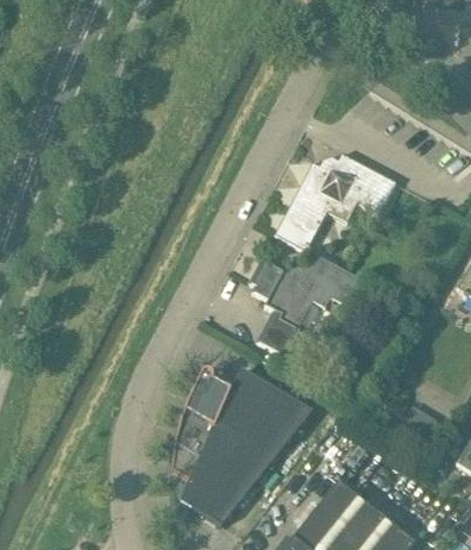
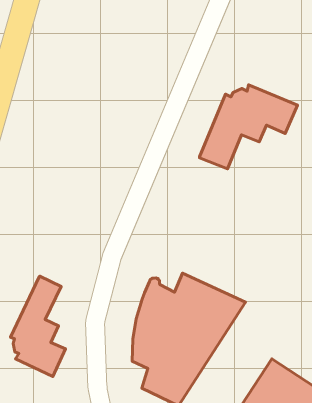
building: [250,252,364,356] -> none
building: none -> [10,276,66,377]

